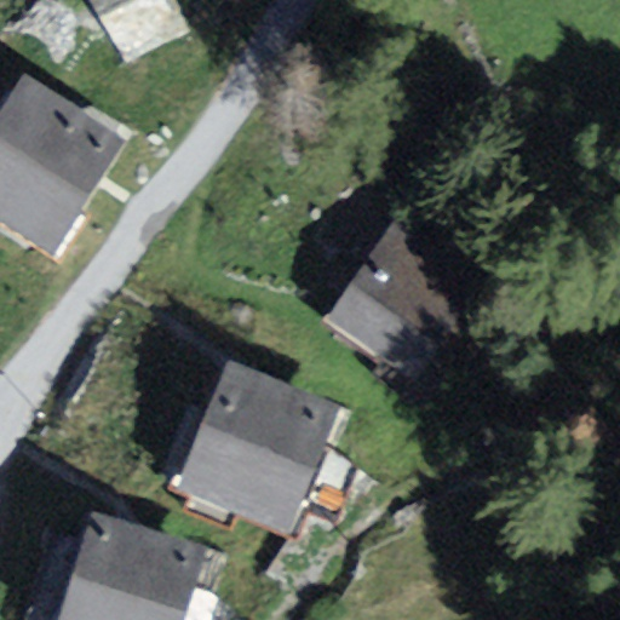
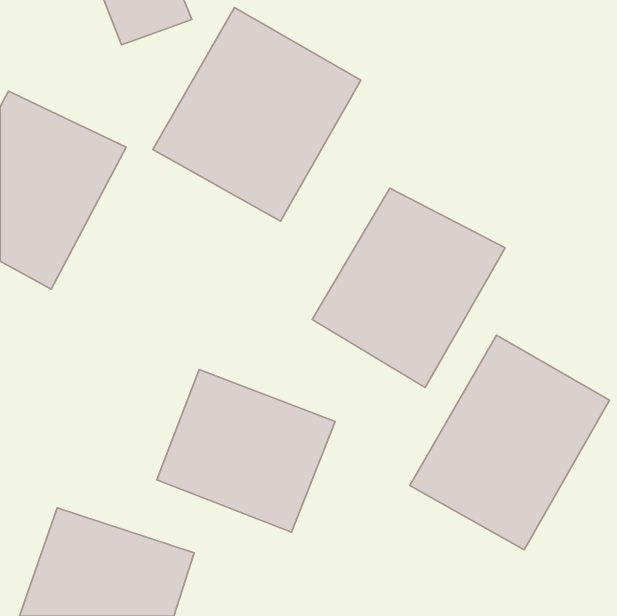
building: none -> [153,8,361,221]
building: none -> [410,335,610,550]

